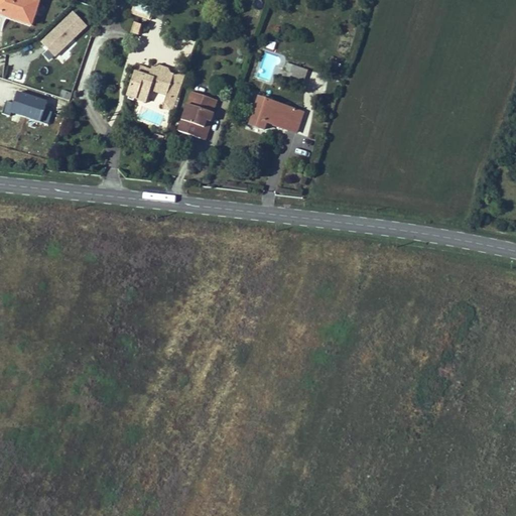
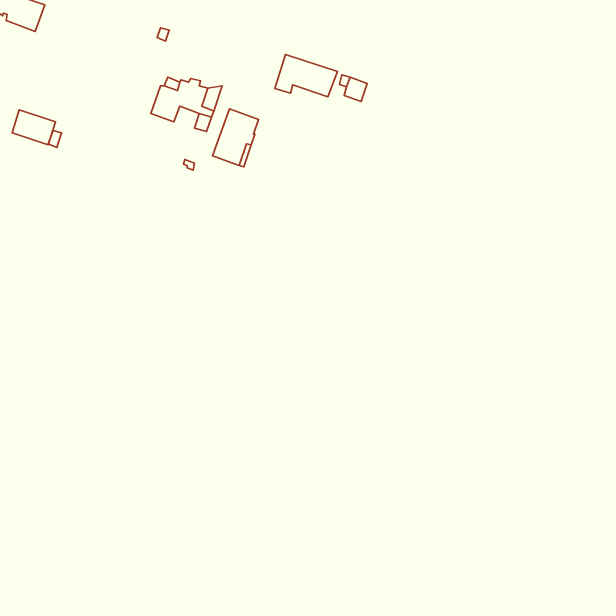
building: [39,9,87,55] -> none
building: [250,97,302,132] -> [275,55,338,97]

